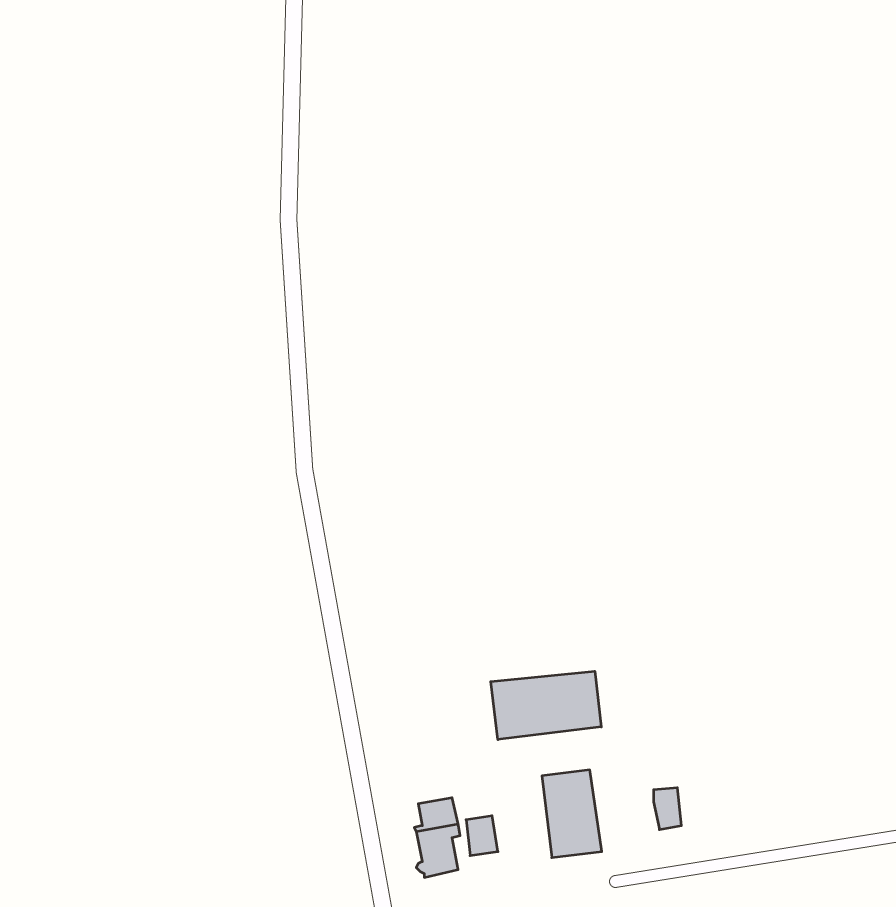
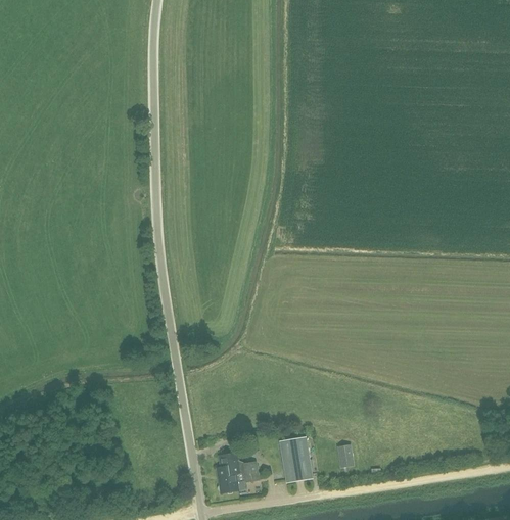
building: [491,671,601,740] -> none

